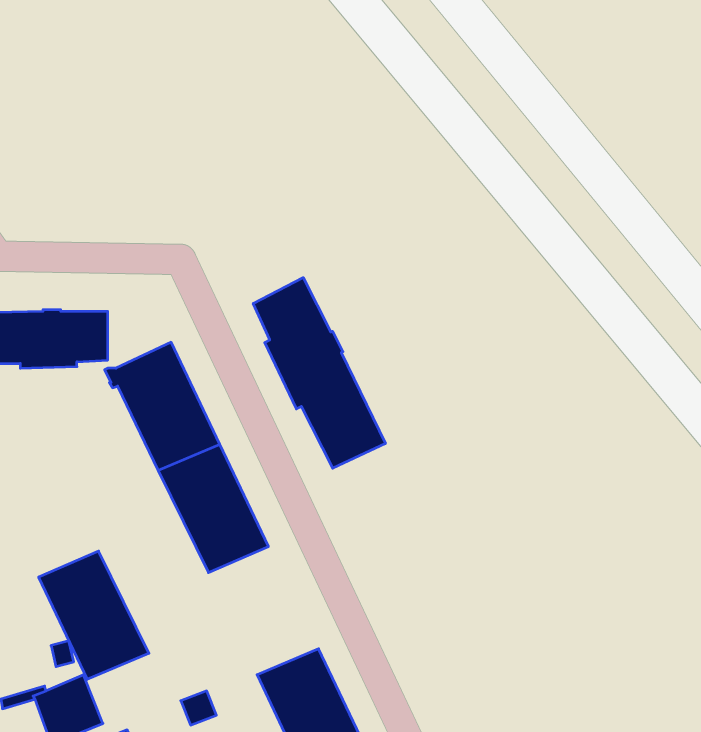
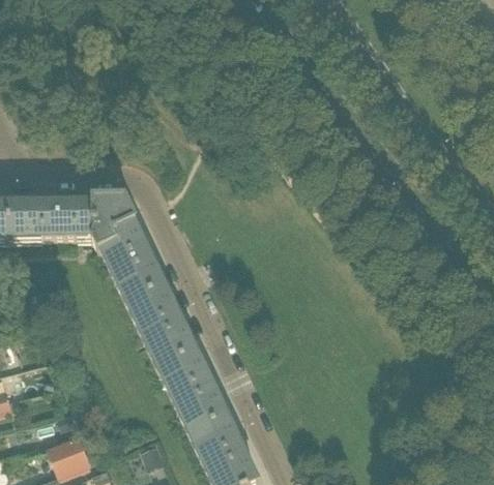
building: [253,278,385,468] -> none
building: none -> [94,196,137,236]
building: [39,551,149,679] -> [158,350,229,431]

